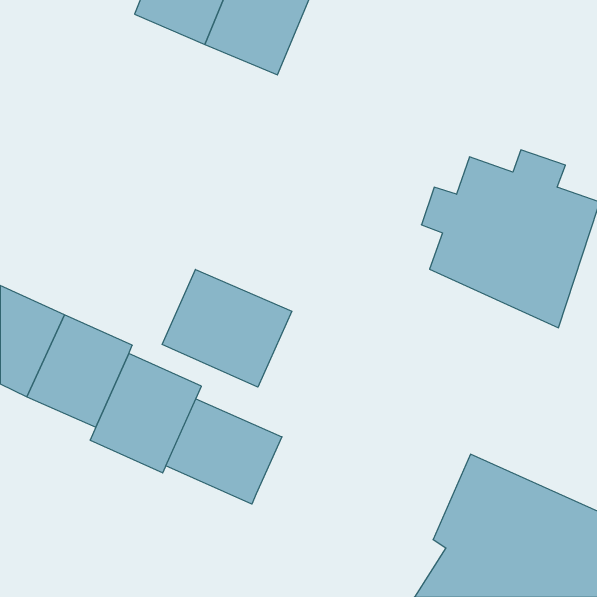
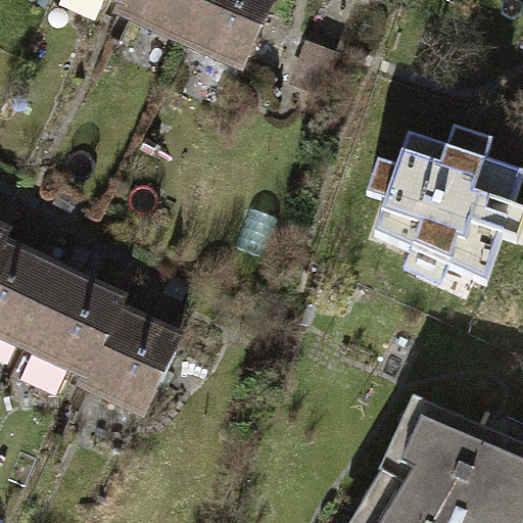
building: [162,269,292,387] -> none
building: [166,399,282,504] -> none

